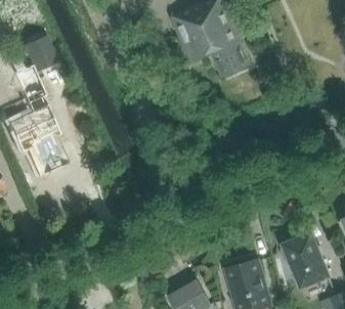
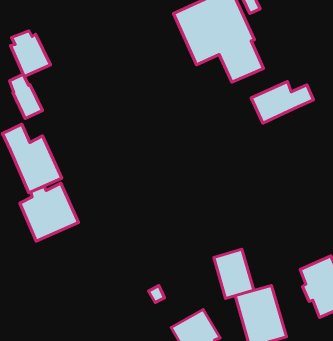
building: none -> [251,82,313,123]
building: none -> [20,183,78,241]
building: none -> [214,249,254,298]

